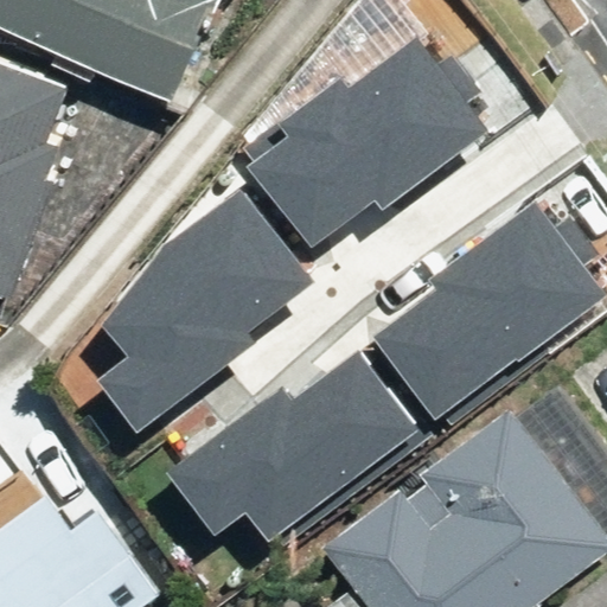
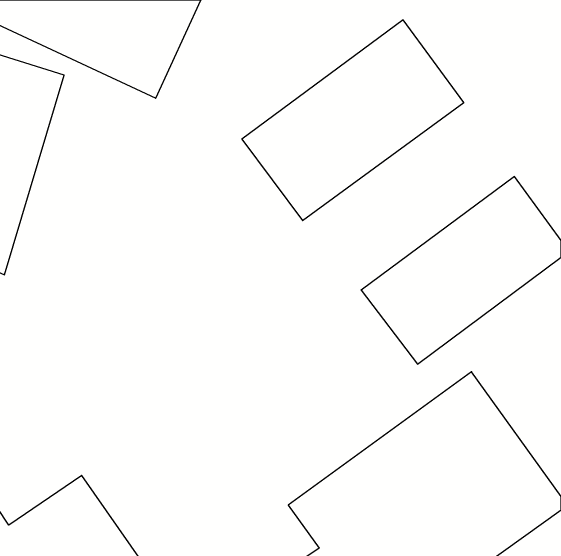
building: [100,189,305,375] -> none
building: [181,347,411,547] -> none

